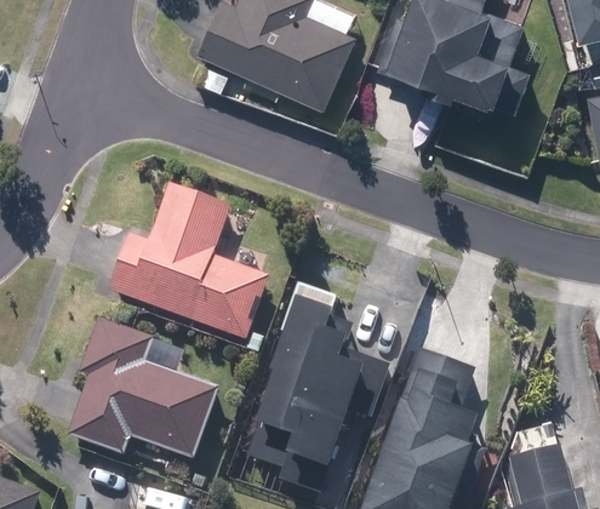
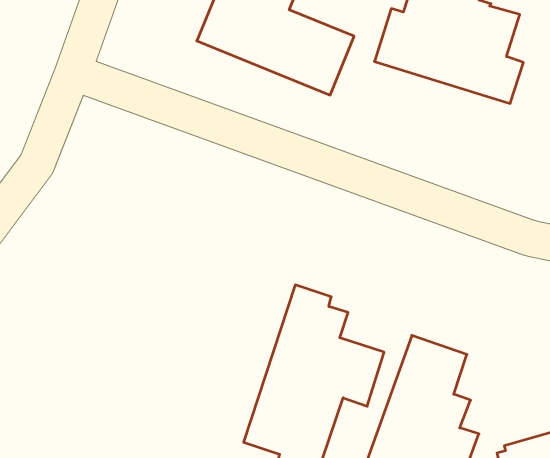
building: [112,187,262,331] -> none
building: [70,319,208,454] -> none

